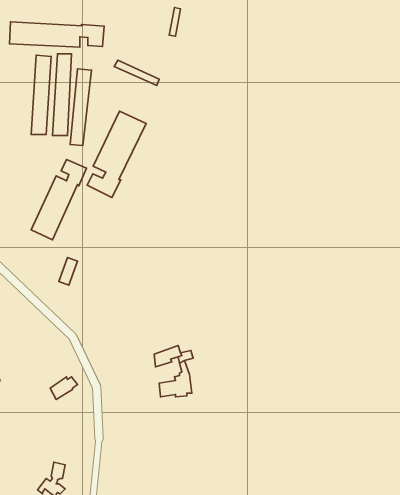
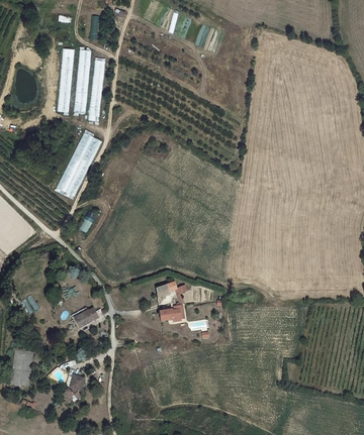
building: [9,22,104,47] -> none
building: [87,111,146,197] -> none

